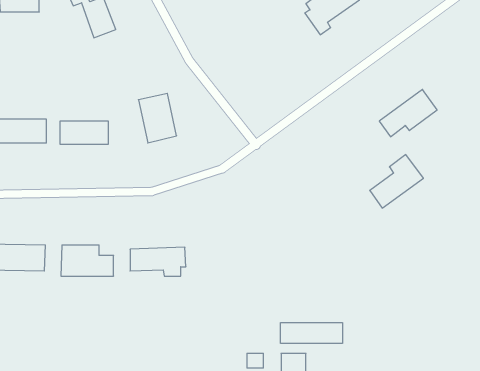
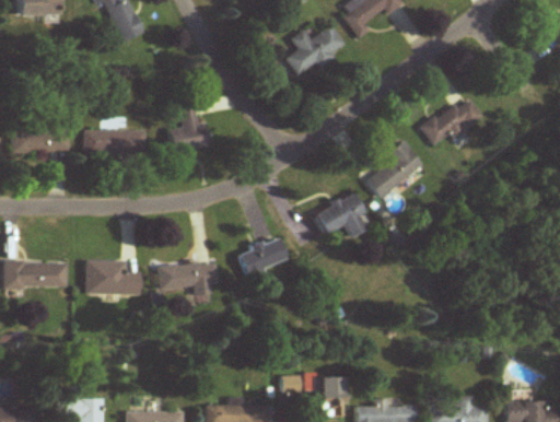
building: none -> [287,25,346,78]
building: [370,155,423,208] -> [366,141,423,198]
building: none -> [316,192,368,238]
building: none -> [238,237,288,288]
building: [281,323,342,343] -> none

